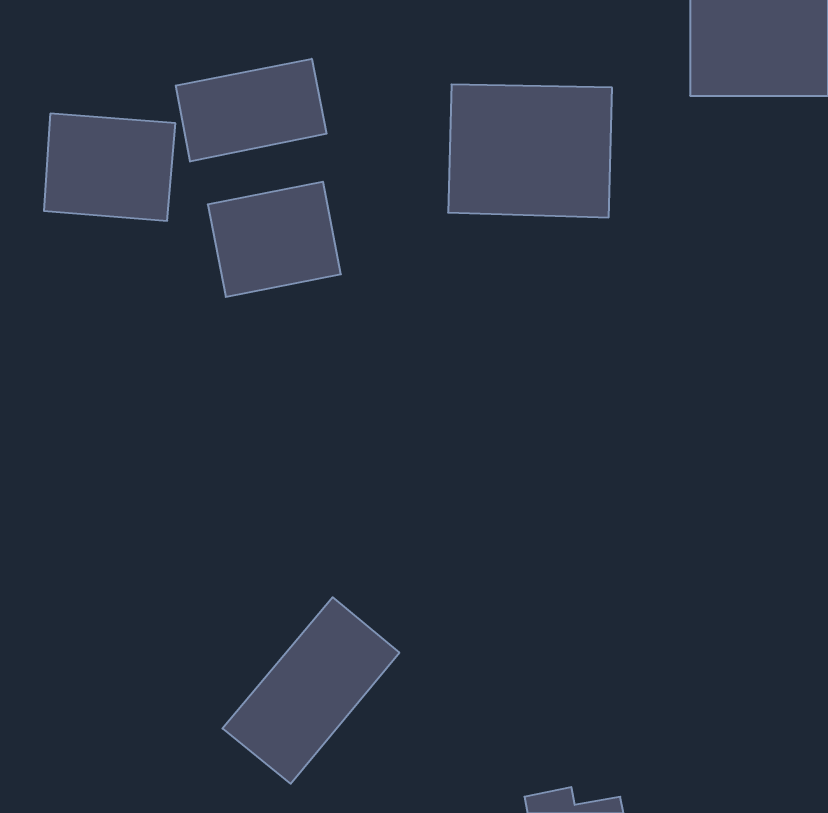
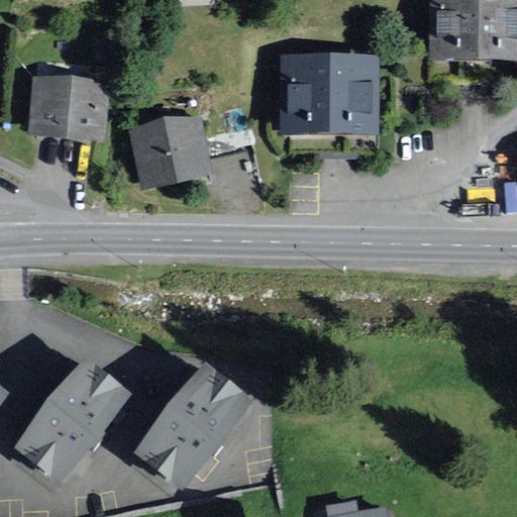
building: [176,59,327,162] -> none
building: none -> [16,364,133,484]

